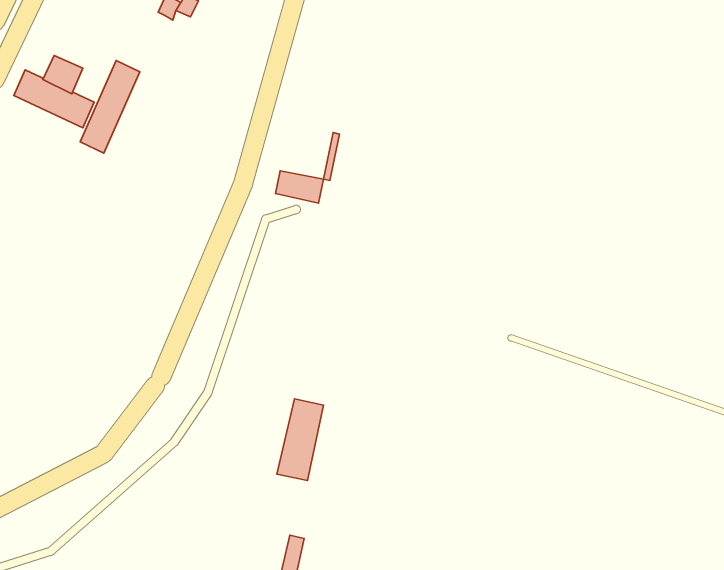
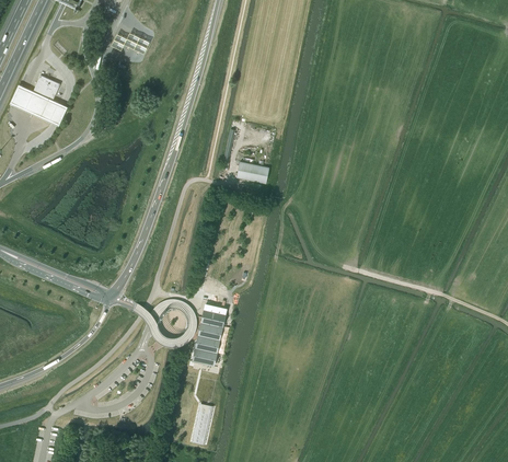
building: [80,61,140,153] -> none
building: [275,171,323,203] -> [236,162,269,184]

